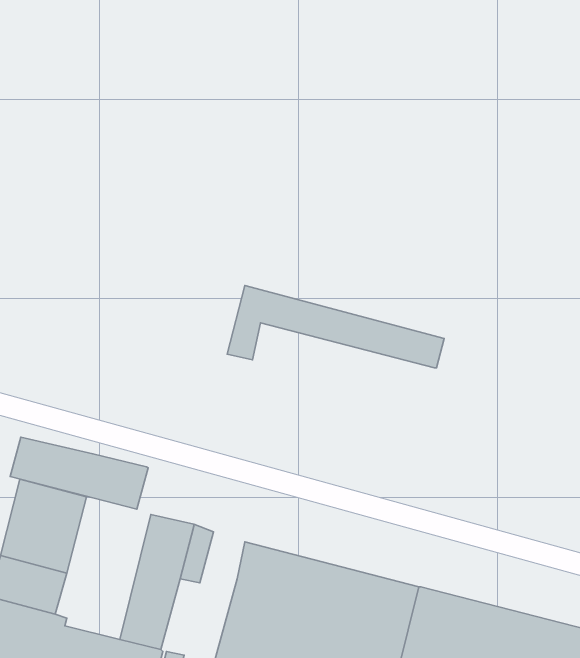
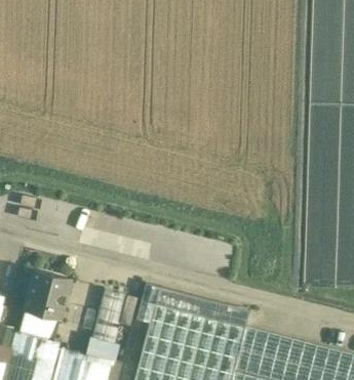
building: [227,286,444,368] -> [135,284,249,327]
building: [10,437,148,509] -> none

